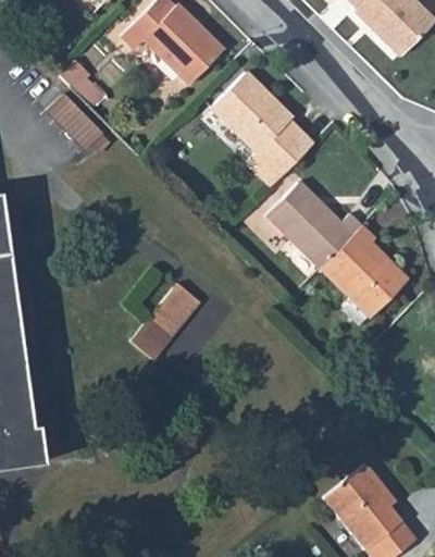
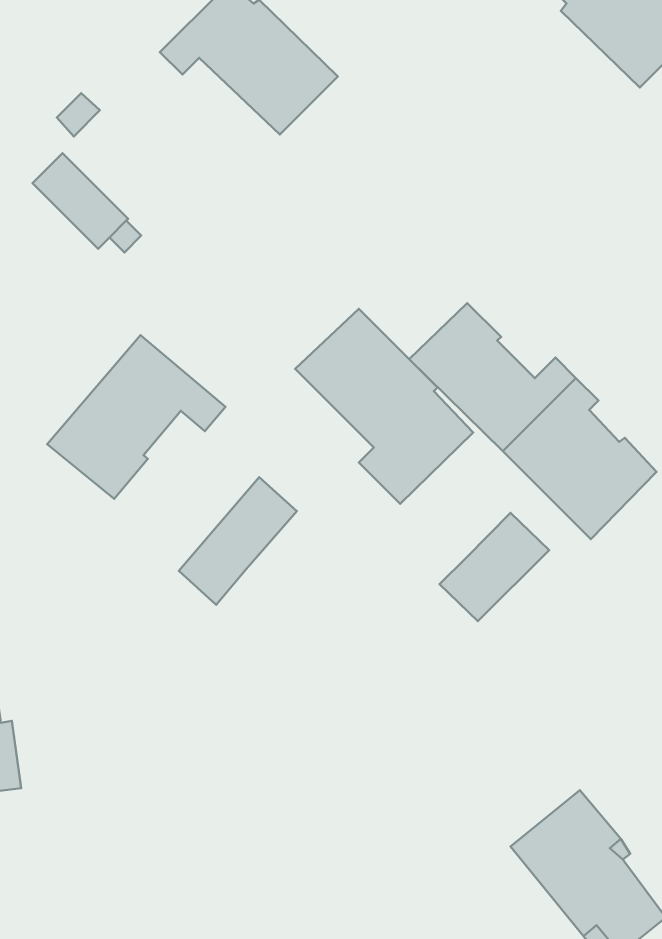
building: [212,73,315,186] -> [295,309,473,504]
building: none -> [47,335,225,499]
building: none -> [439,513,549,621]

